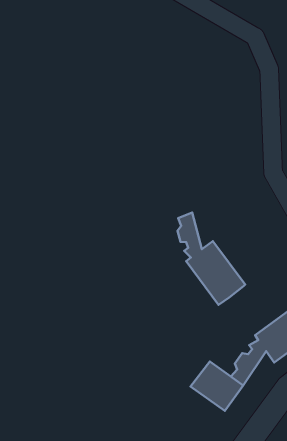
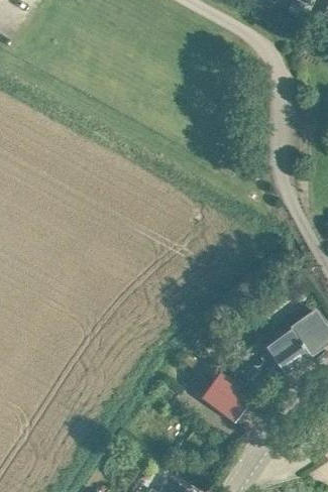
building: [177,213,245,305] -> none

